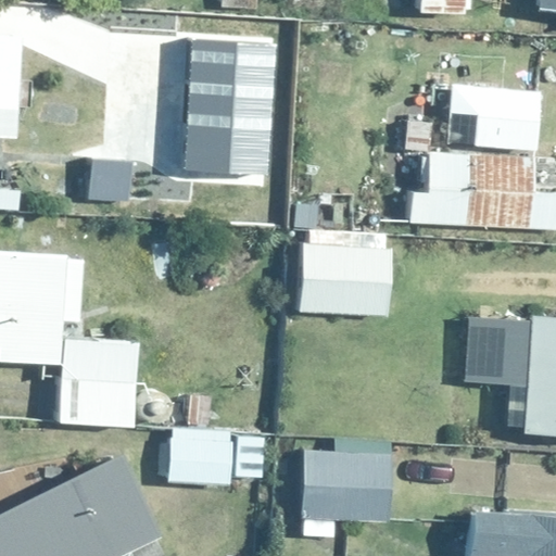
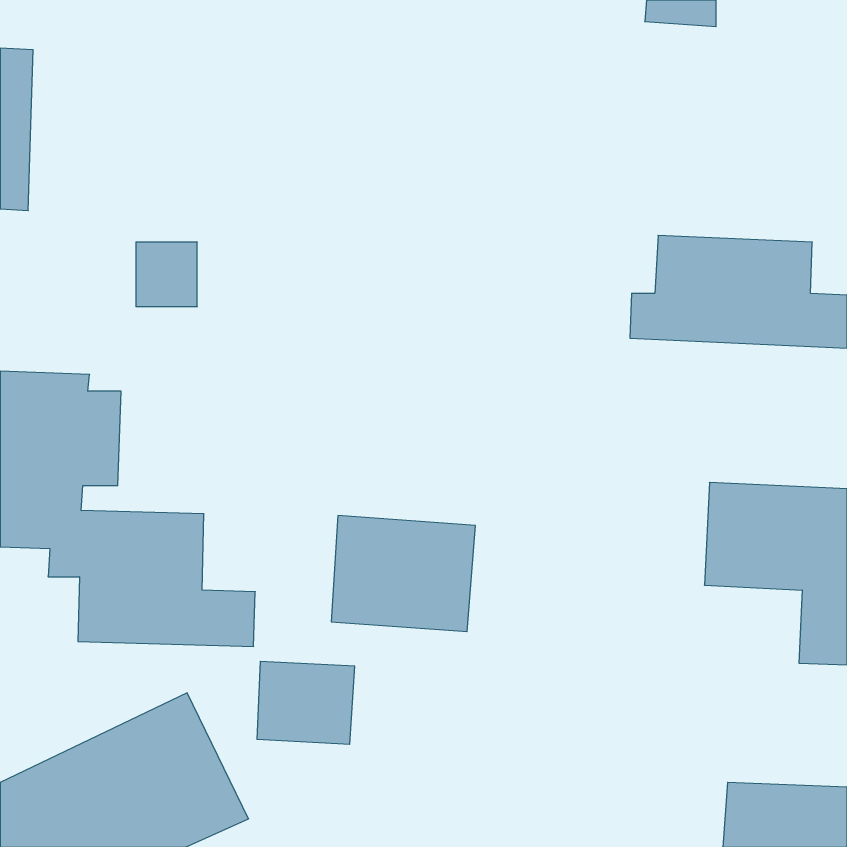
building: [186,39,277,175] -> none
building: [446,84,540,153] -> none
building: [299,241,393,317] -> [331,516,475,632]
building: [300,451,391,522] -> none

